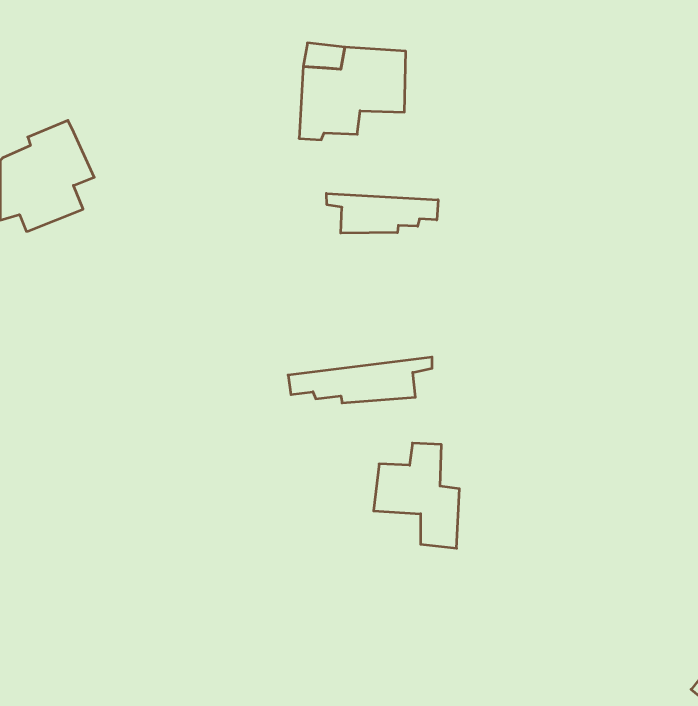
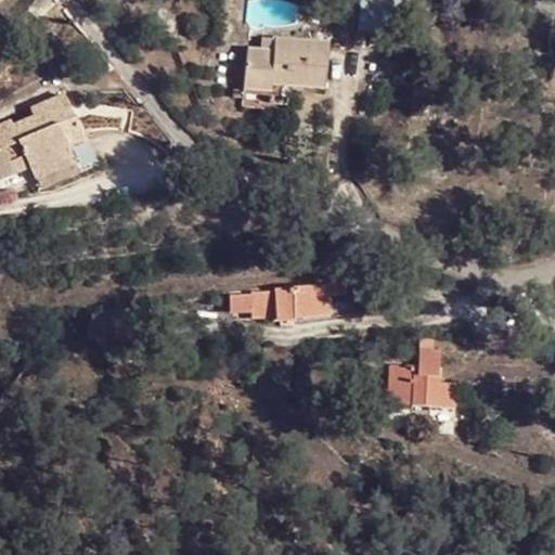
building: [326,193,438,233] -> none
building: [374,443,459,548] -> [389,348,456,430]

